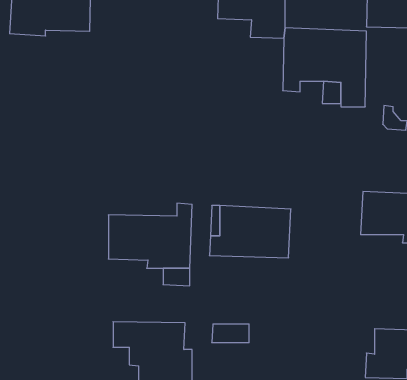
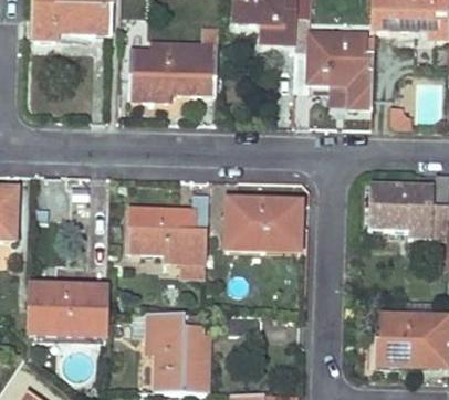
building: none -> [128,42,217,99]
building: none -> [32,286,107,338]

